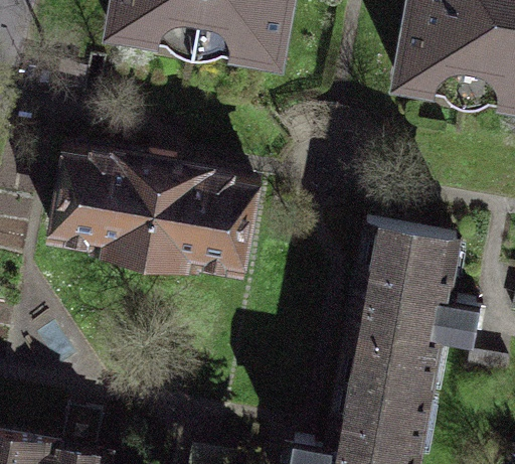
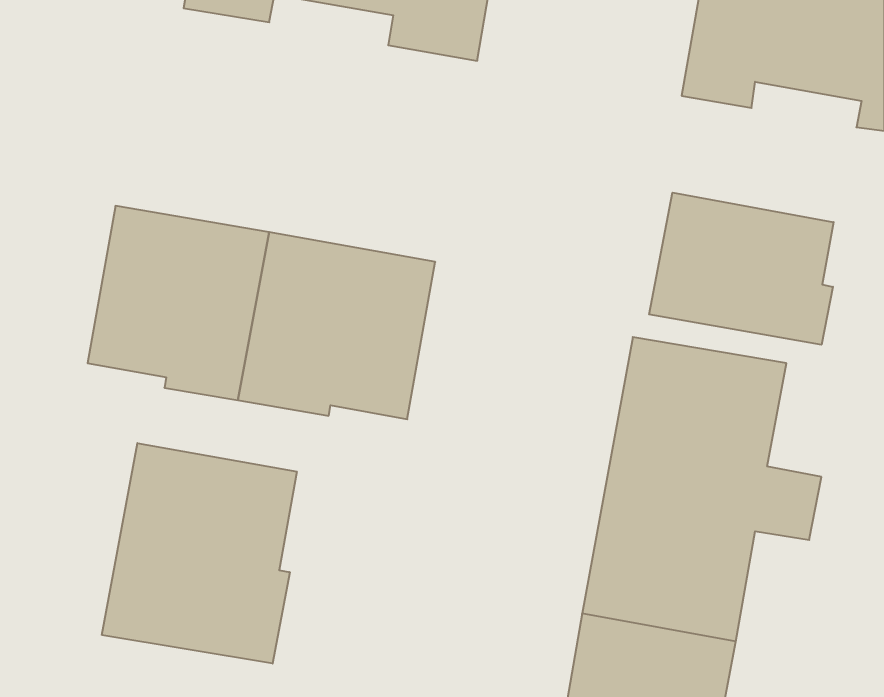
building: none -> [649,193,834,345]
building: none -> [102,443,297,664]

